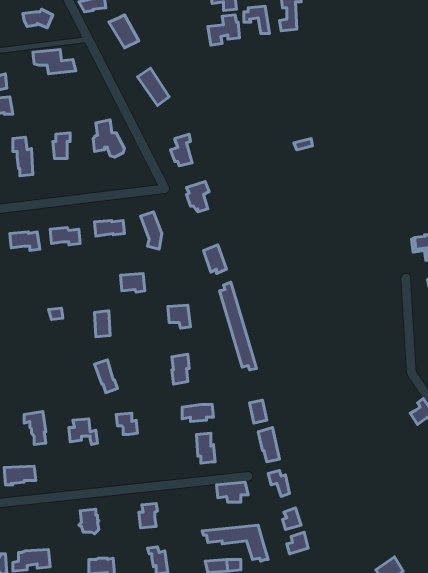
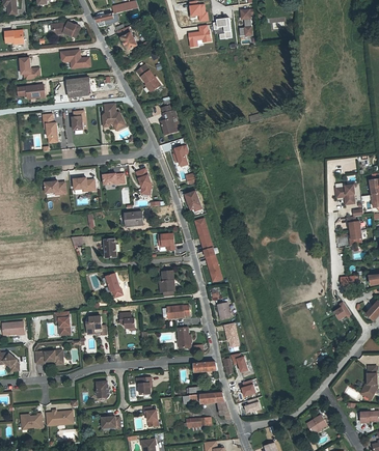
building: none -> [66,76,91,95]

